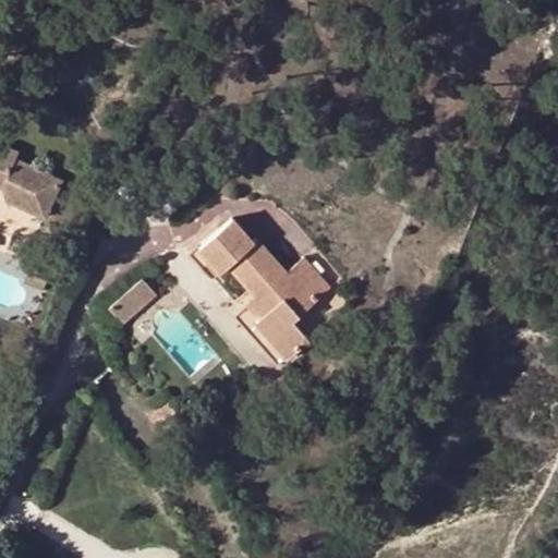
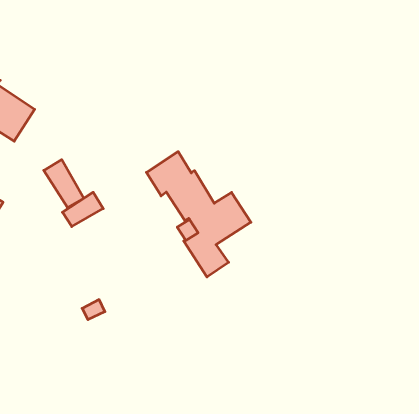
building: none -> [44,160,84,208]

